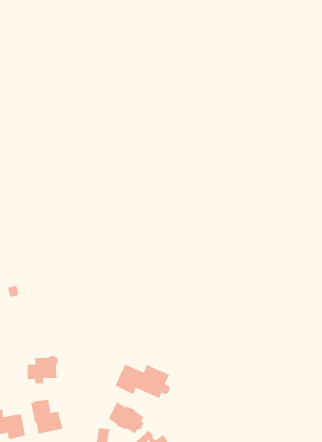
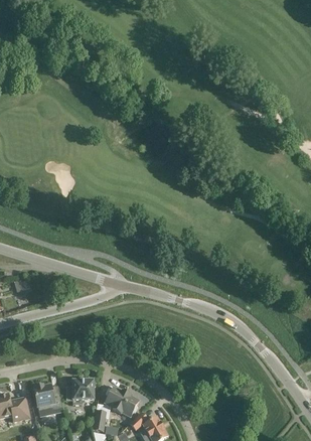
building: [27,355,59,384] -> [65,378,95,404]
building: [115,364,170,399] -> none

